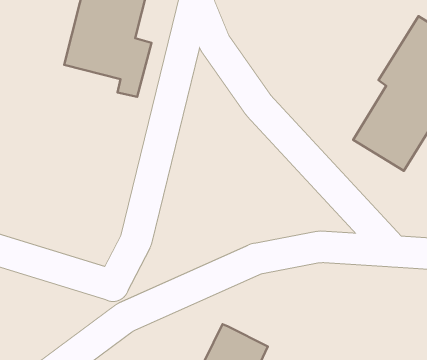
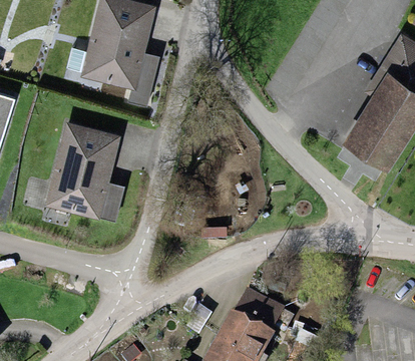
building: none -> [45,122,125,222]
building: none -> [230,291,278,333]

